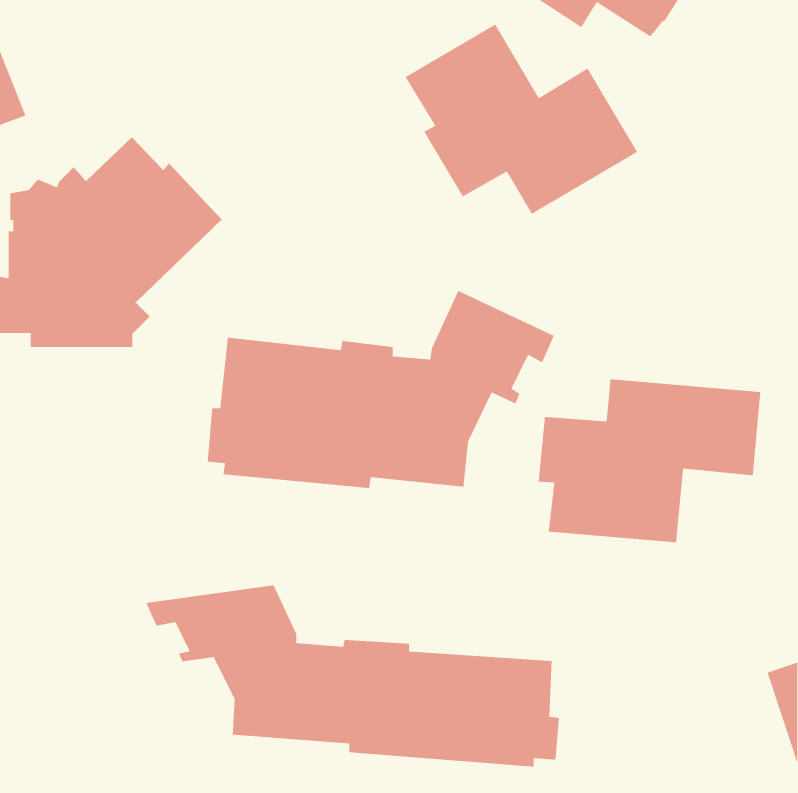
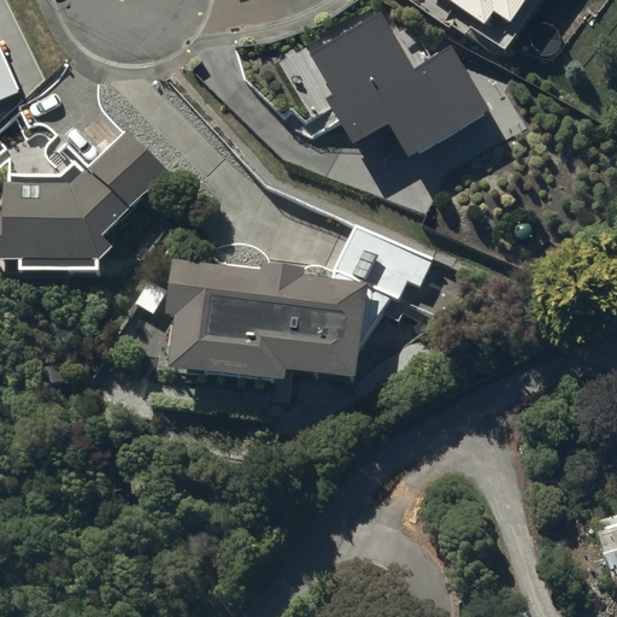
building: [538,379,761,543] -> none
building: [145,584,560,767] -> none

